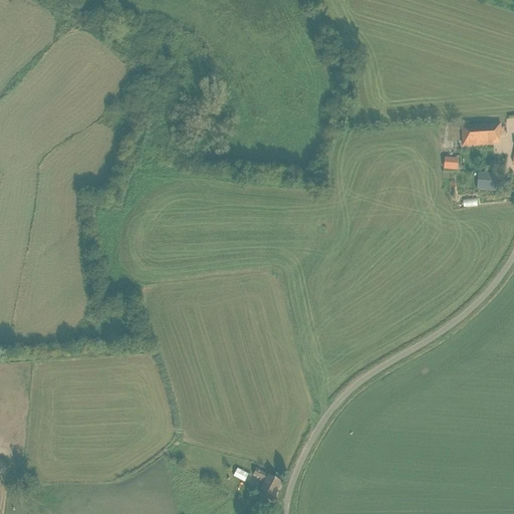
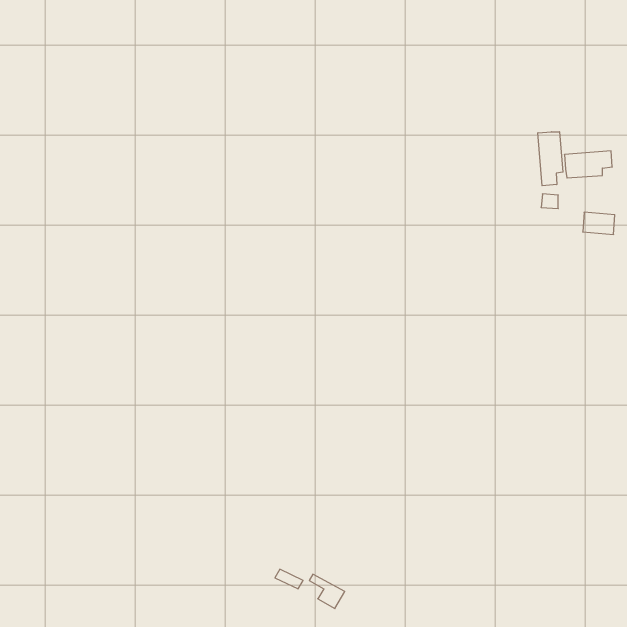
building: none -> [538,132,563,186]

